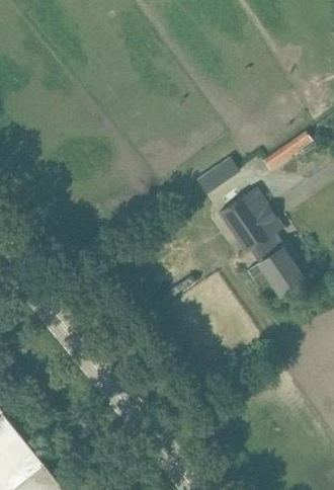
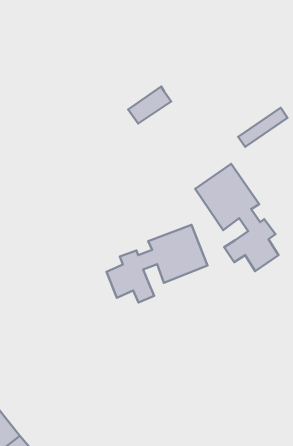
building: [195,158,239,195] -> [128,86,171,123]
building: none -> [107,225,208,302]

